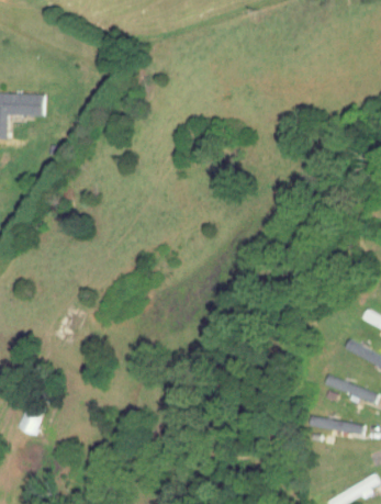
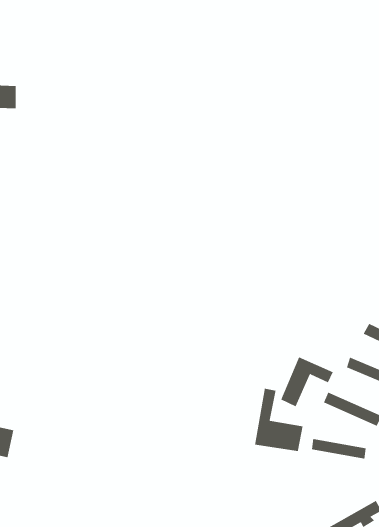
building: none -> [280,356,334,407]
building: none -> [254,388,303,452]

